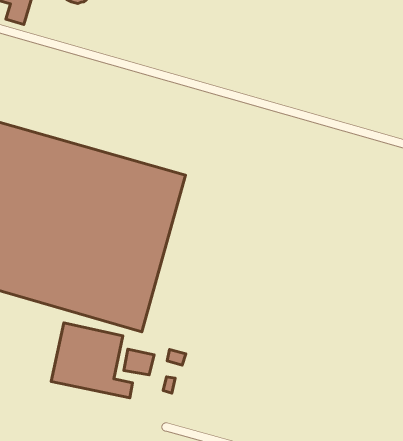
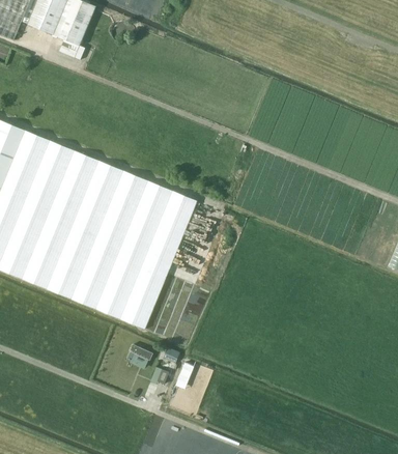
building: [51,323,133,398] -> none

